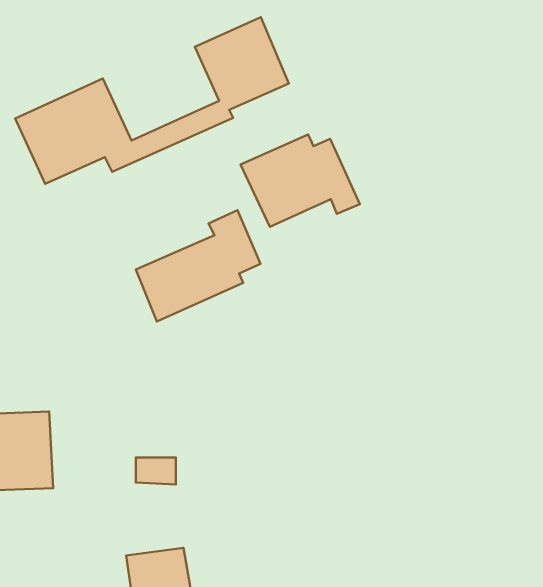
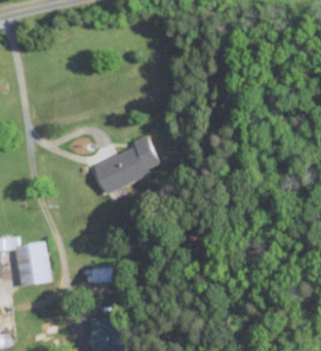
building: [15,17,289,184] -> none
building: [241,135,360,227] -> none

